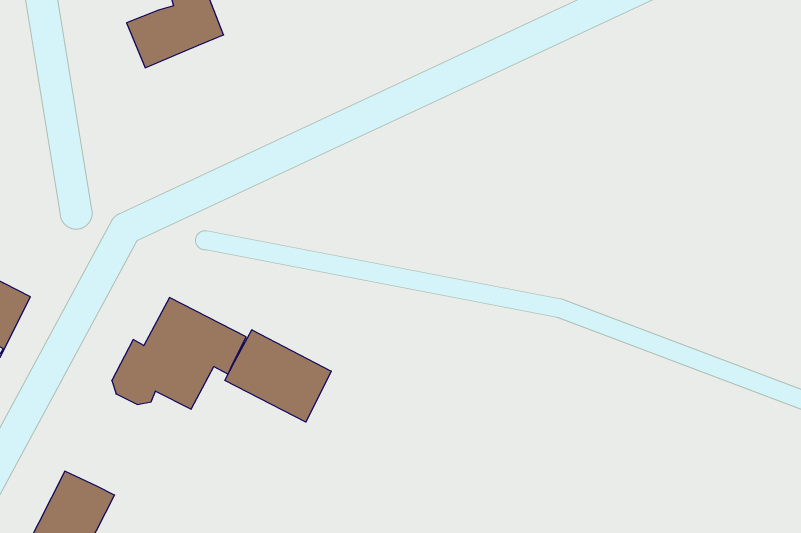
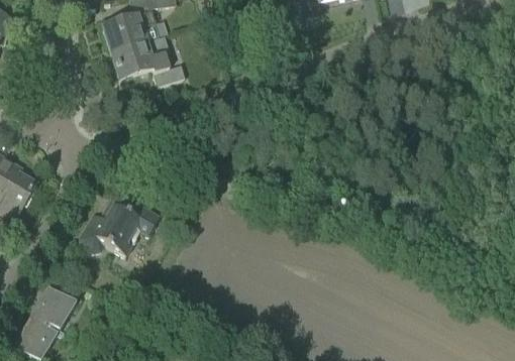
building: none -> [111,34,184,85]
building: [225,330,331,422] -> none

